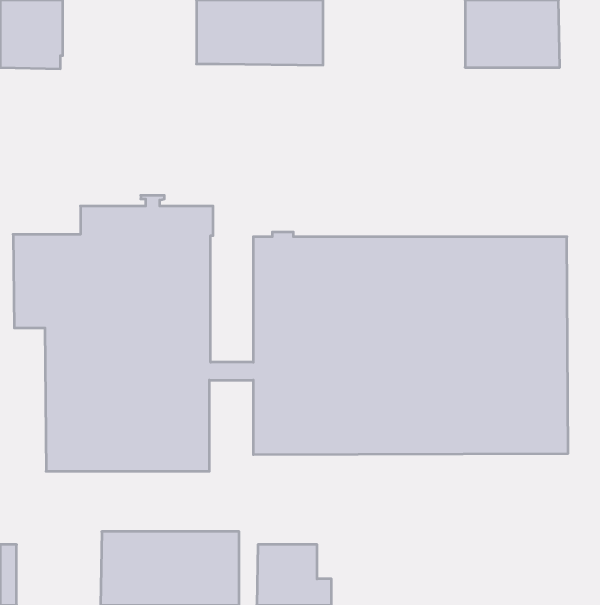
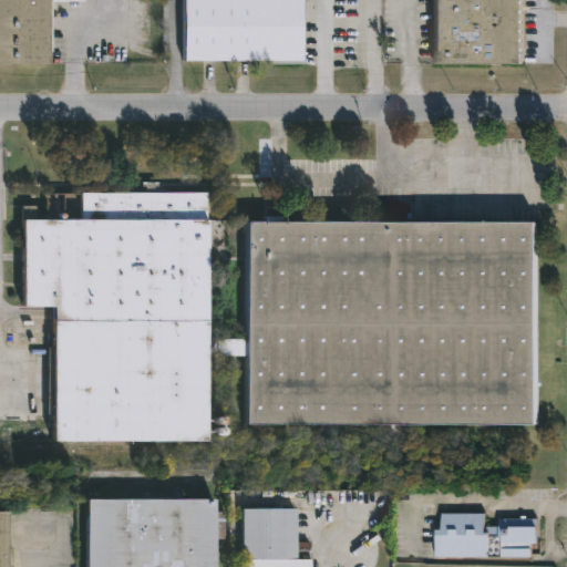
building: none -> [435,512,543,556]

